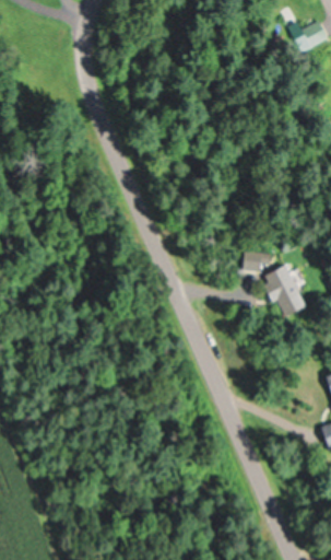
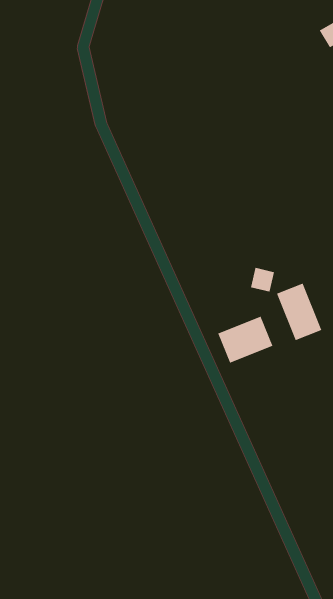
building: none -> [218,316,273,364]

